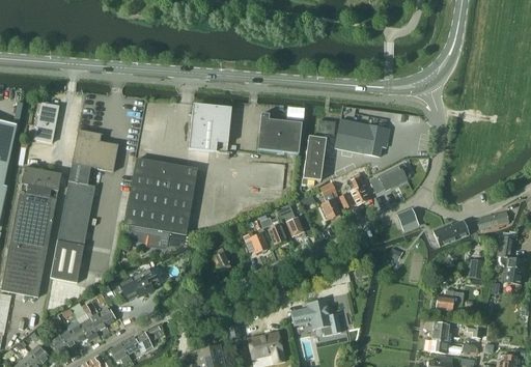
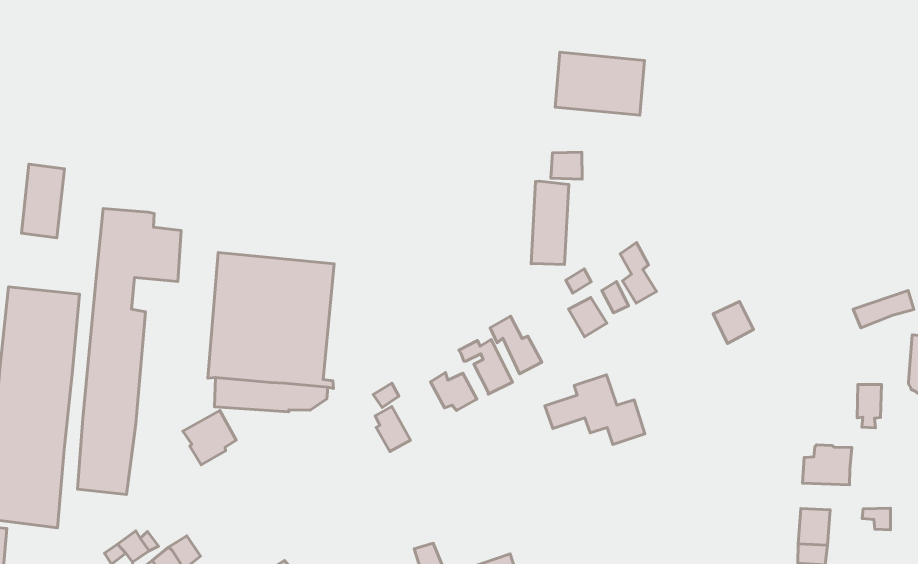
building: [189,104,231,152] -> none
building: [257,113,302,153] -> none
building: [335,119,385,157] -> [555,52,645,115]
building: [373,165,407,190] -> none
building: [434,220,470,246] -> none
building: [130,267,158,295] -> [183,410,236,465]
building: [290,298,342,335] -> [545,375,645,445]

